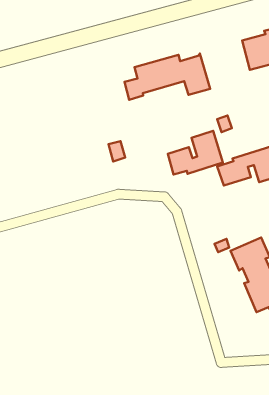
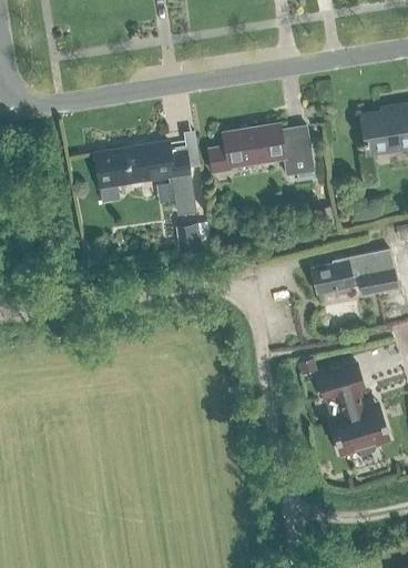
building: none -> [94,142,195,214]
building: [168,131,223,175] -> none

